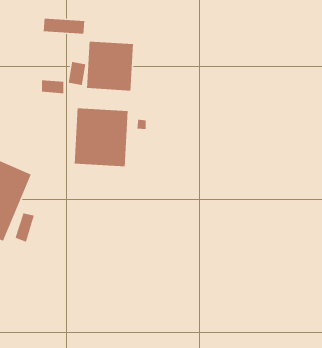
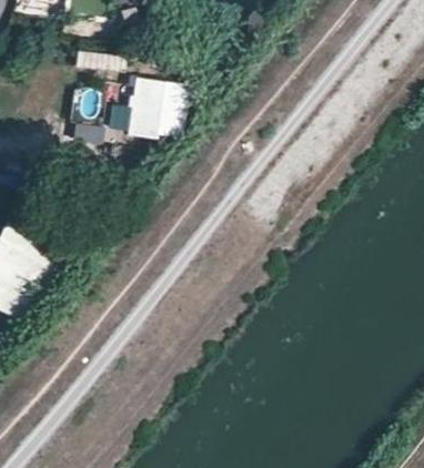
building: [74,108,129,167] -> none

